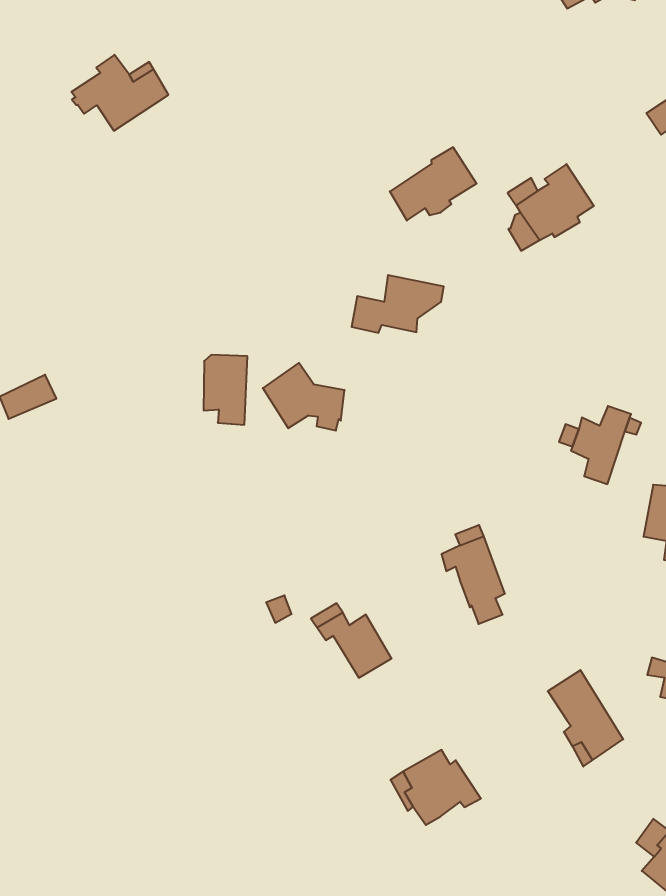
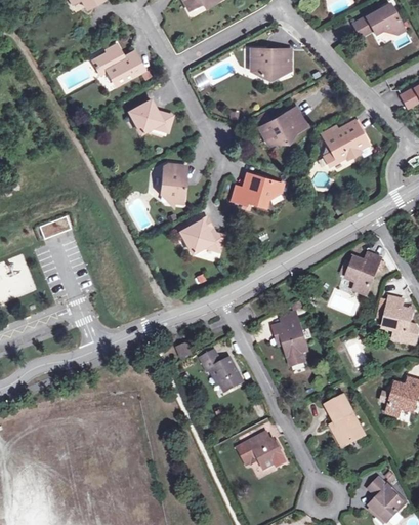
building: none -> [249,48,287,75]
building: none -> [129,100,173,133]
building: [204,355,247,425] -> [161,164,186,203]

